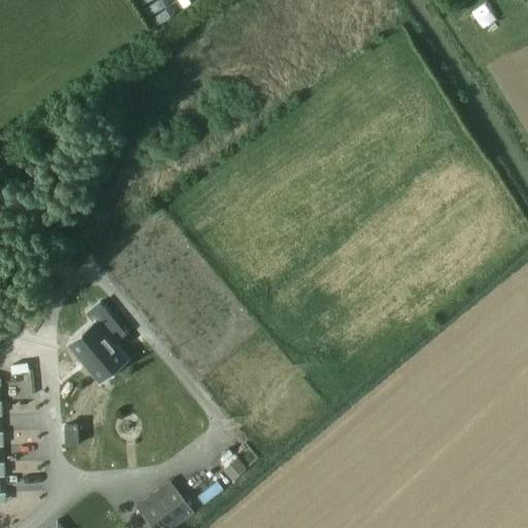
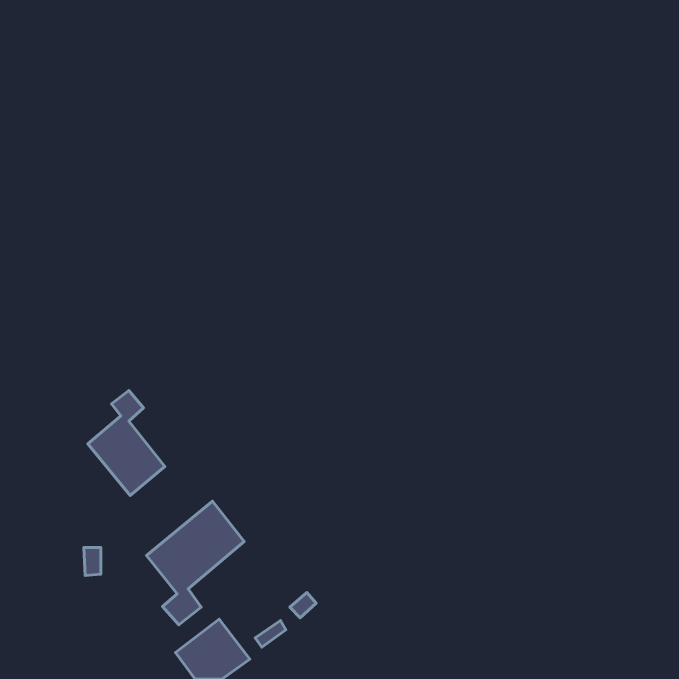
building: none -> [146,501,244,625]

